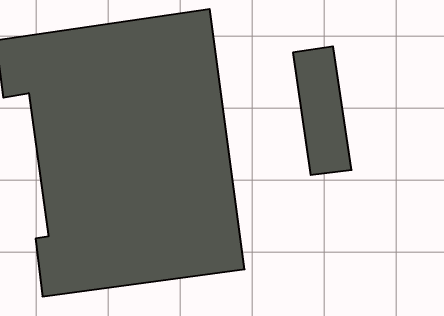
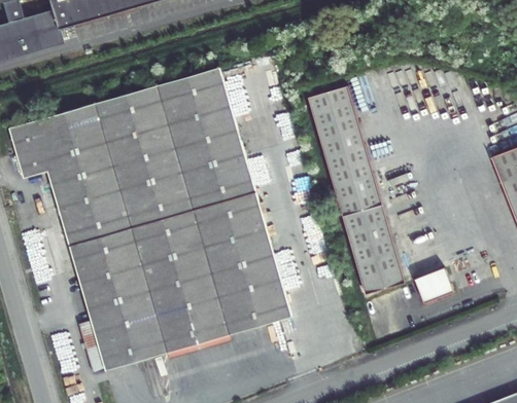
building: none -> [343,204,407,294]
building: none -> [414,266,453,302]

